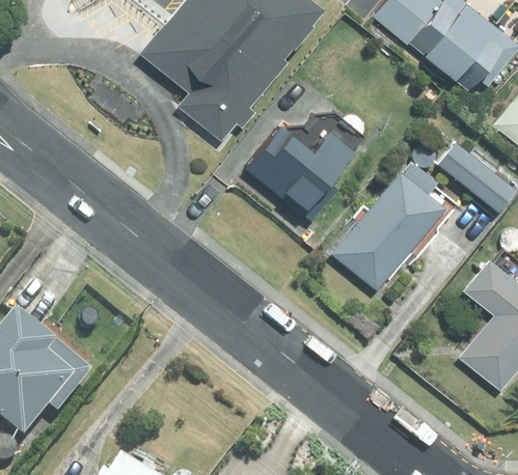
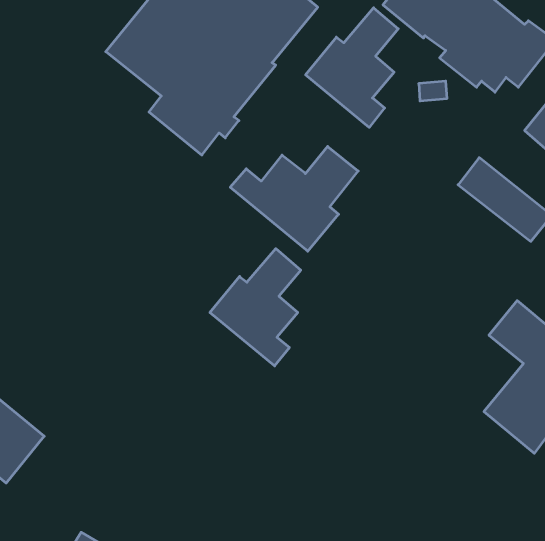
building: none -> [306,8,398,127]
building: [333,164,442,289] -> none
building: none -> [210,249,301,366]

